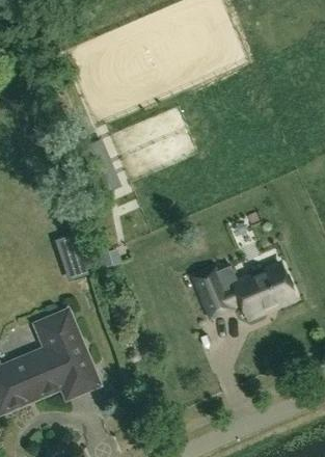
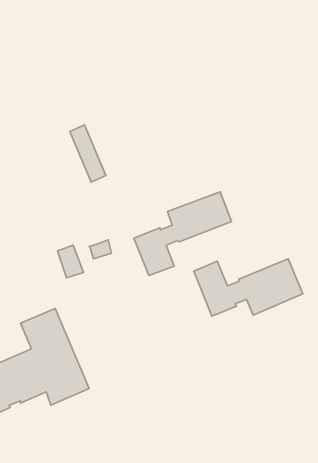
building: none -> [134,192,231,276]

